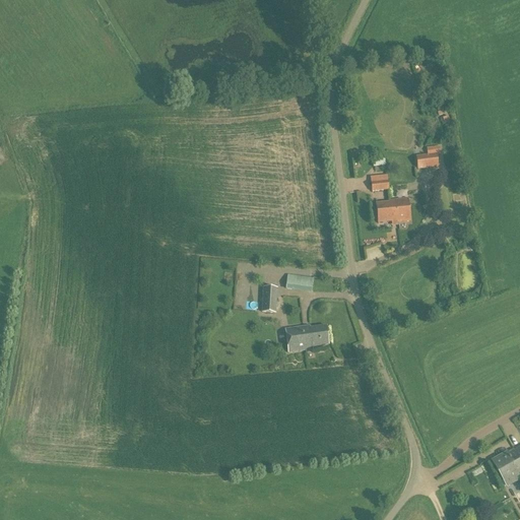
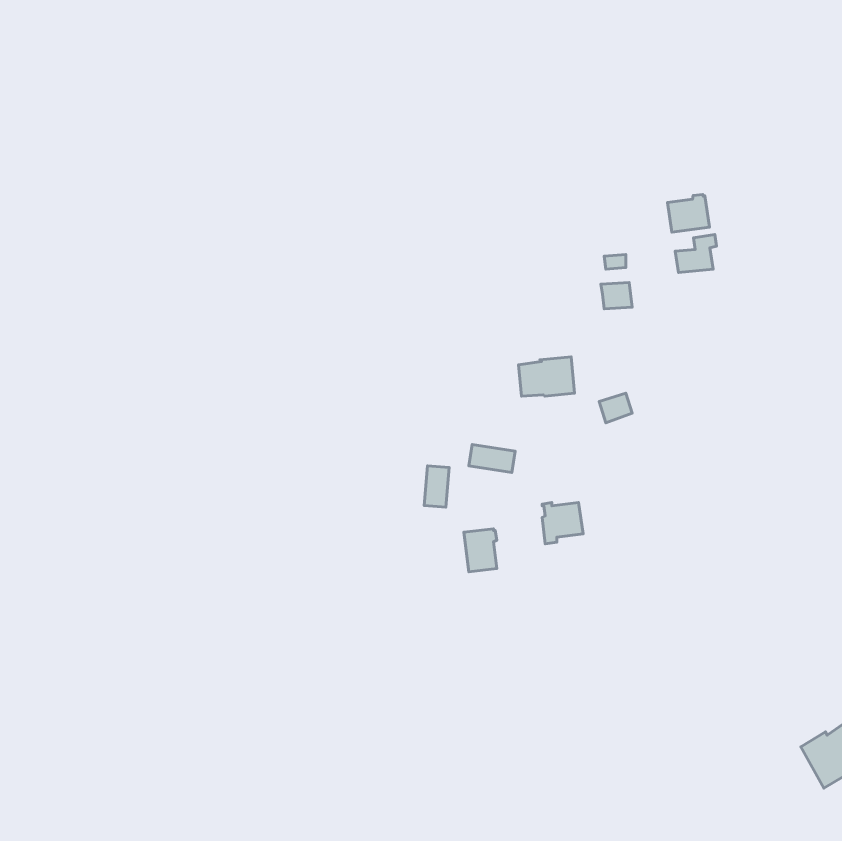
building: none -> [667,194,710,232]
building: [377,197,411,221] -> [518,357,574,396]
building: [305,324,330,349] -> [542,503,583,544]

